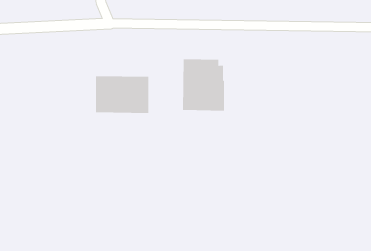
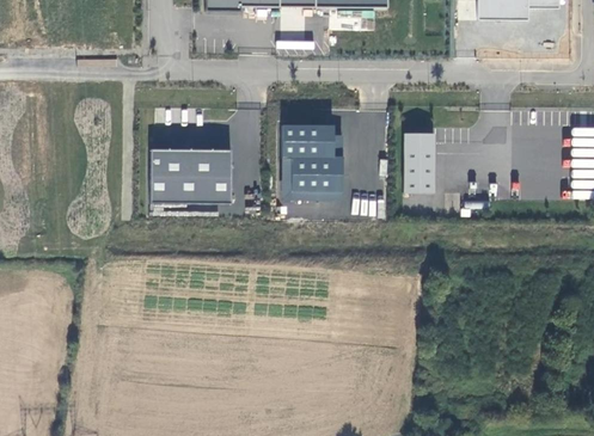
building: none -> [404,133,434,192]

